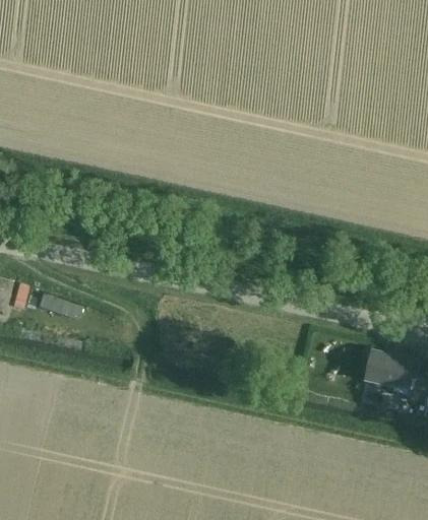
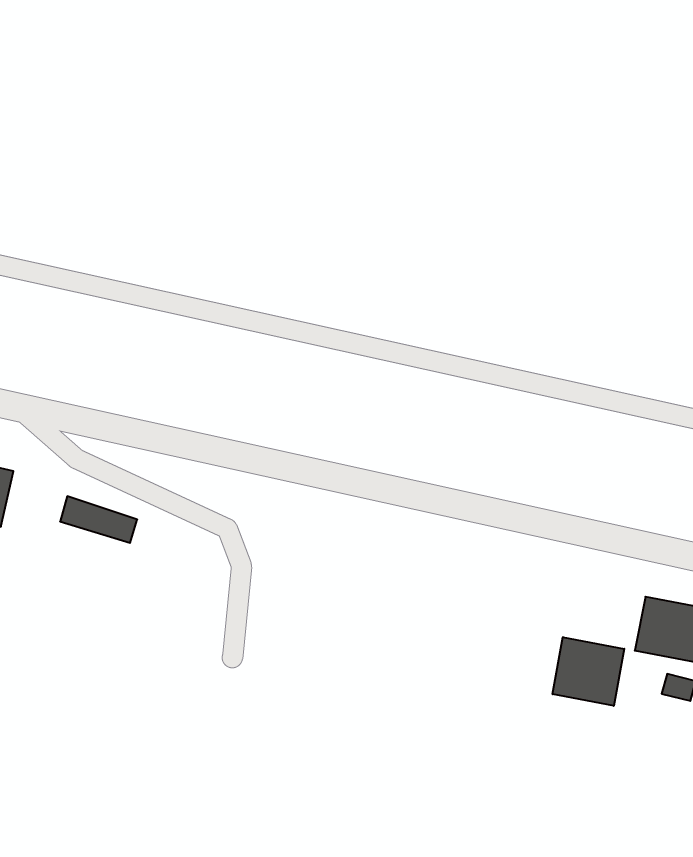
building: none -> [553,637,624,706]

